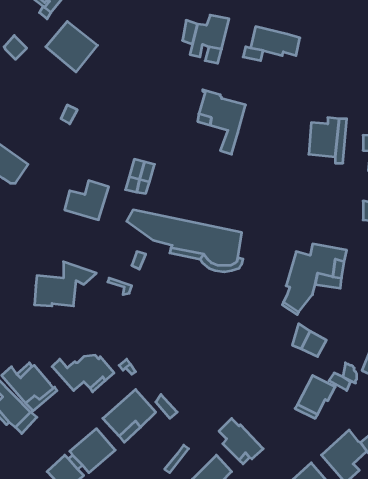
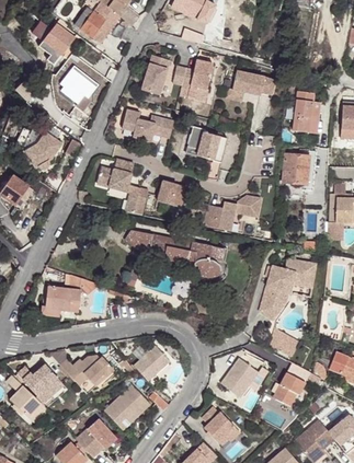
building: none -> [141,55,170,94]
building: none -> [293,91,320,134]
building: none -> [122,108,173,141]
building: none -> [27,129,64,165]
building: none -> [157,181,186,207]
building: none -> [203,195,261,232]
building: [65,181,109,220] -> [96,158,135,192]
building: none -> [134,345,170,381]
building: none -> [220,357,259,397]

